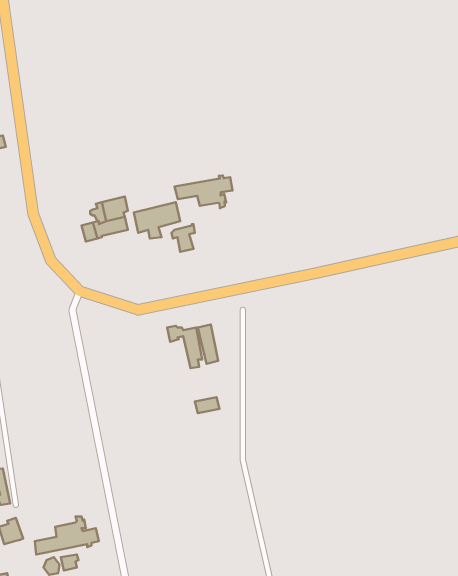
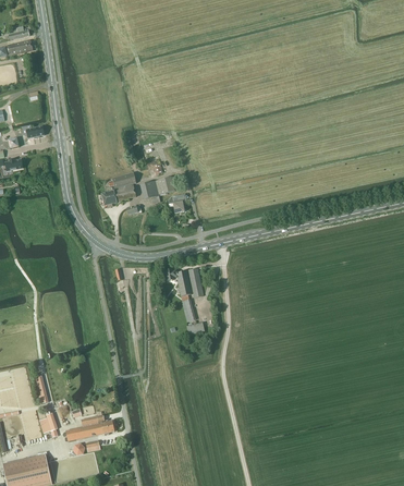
building: [174,176,233,208] -> none

